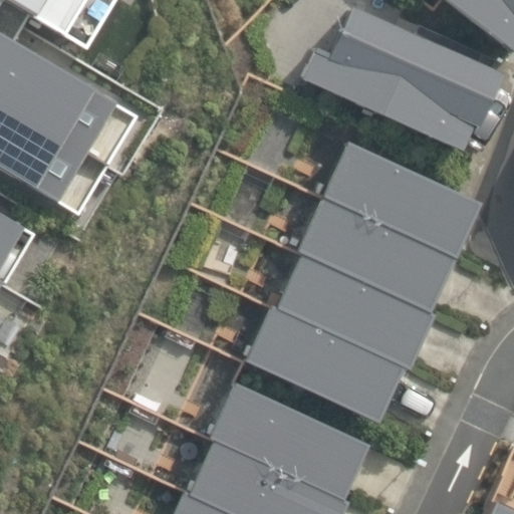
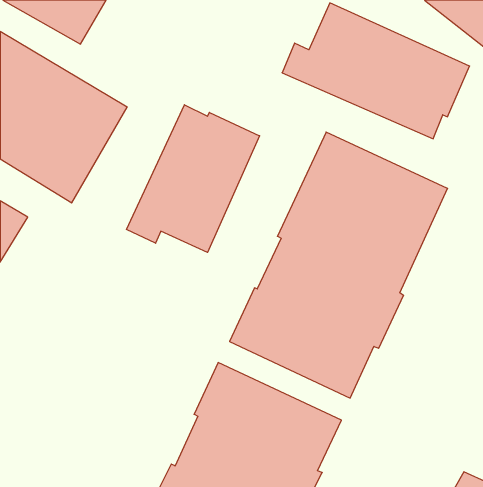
building: none -> [126,105,260,252]

